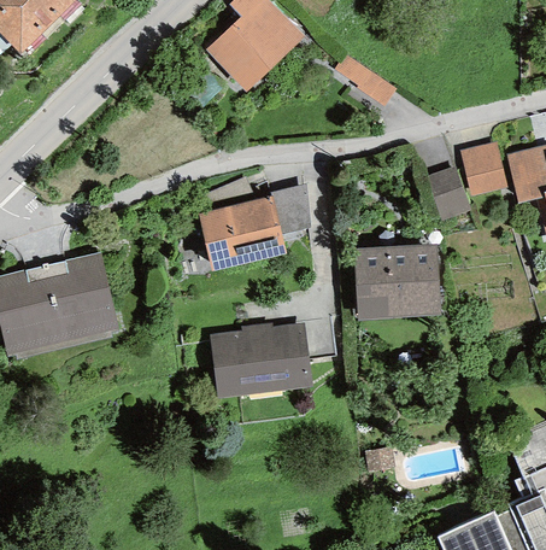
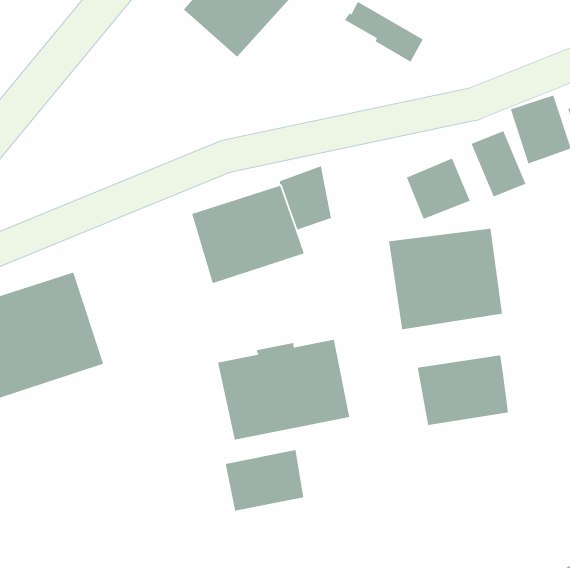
building: none -> [406,158,471,220]
building: none -> [417,354,509,426]
building: none -> [225,449,304,512]

